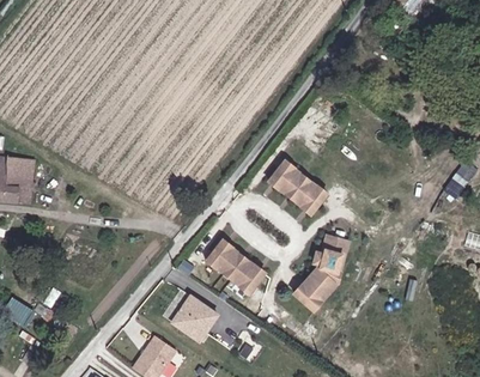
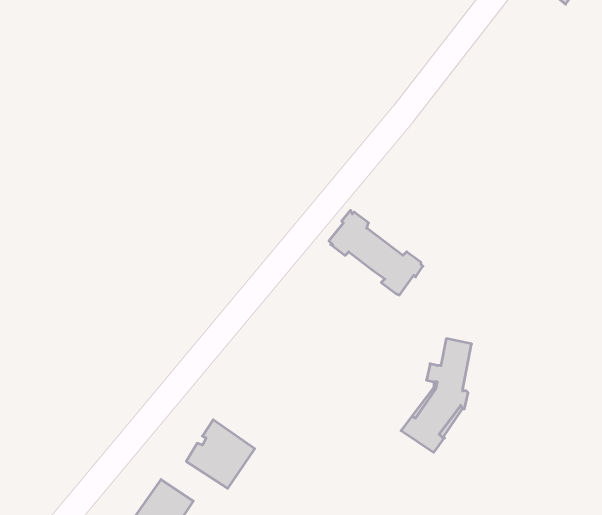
building: [199,232,261,287] -> none

